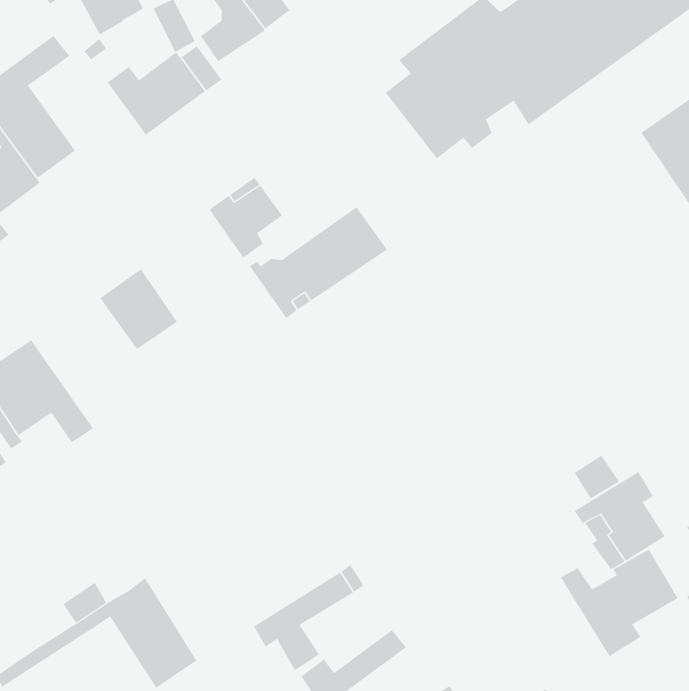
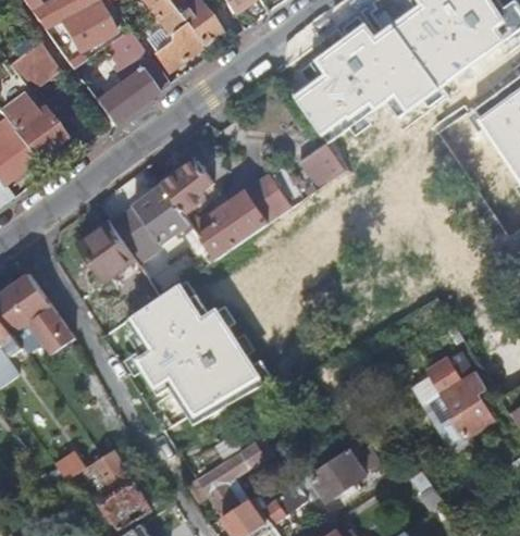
building: none -> [300,141,348,189]
building: none -> [112,185,195,266]
building: none -> [127,284,253,420]
building: [560,549,678,657] -> none
building: none -> [314,450,368,501]

